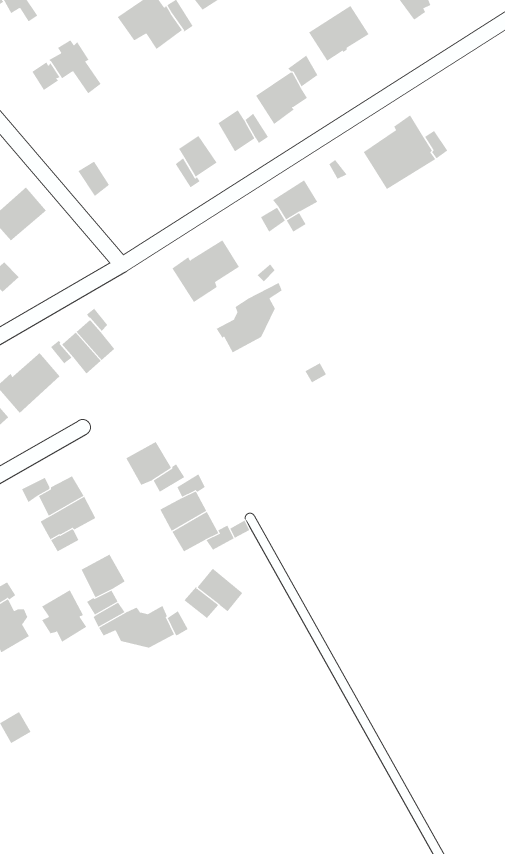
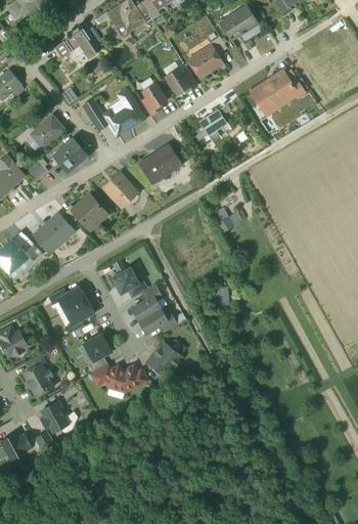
building: none -> [103,90,144,136]
building: none -> [53,139,87,170]
building: [216,282,283,353] -> none
building: none -> [102,173,136,208]
building: [41,589,87,642] -> [41,399,69,431]

